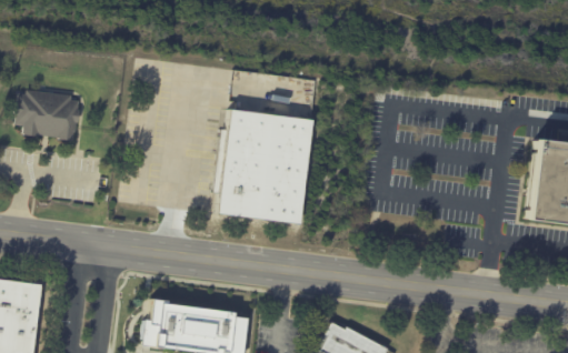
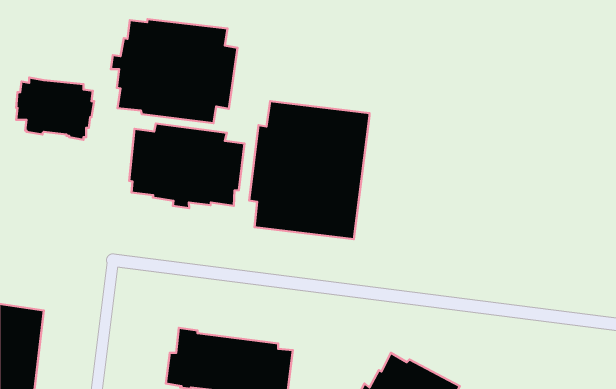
building: none -> [111,19,238,123]
building: none -> [129,123,244,208]

